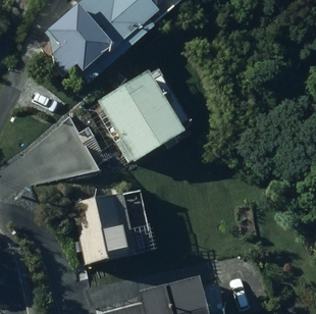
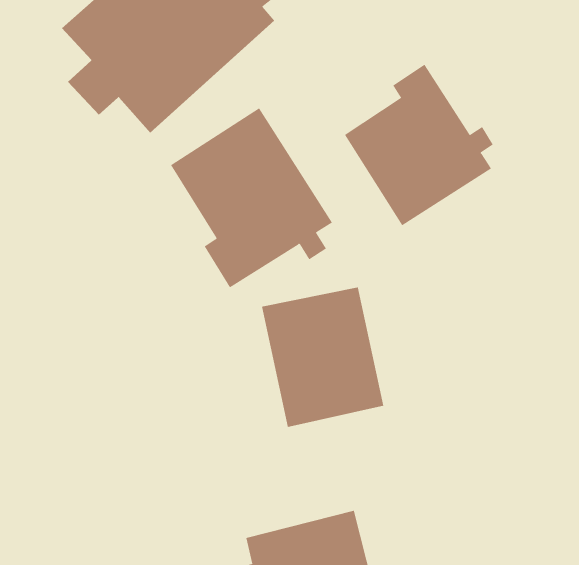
building: none -> [344,64,494,226]
building: [76,191,140,263] -> [261,287,384,428]

